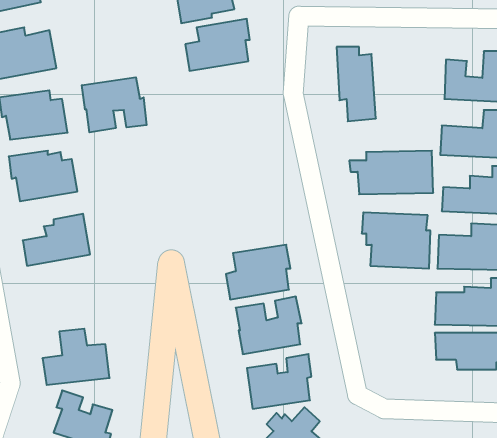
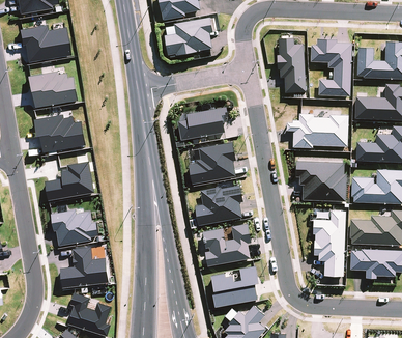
building: none -> [310,39,351,96]
building: [82,77,147,132] -> none
building: none -> [178,108,227,140]
building: none -> [189,142,235,184]
building: none -> [51,208,98,246]
building: none -> [313,210,345,276]

